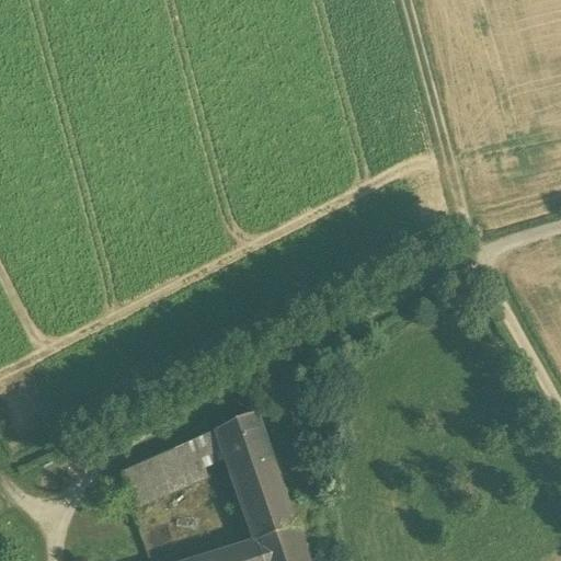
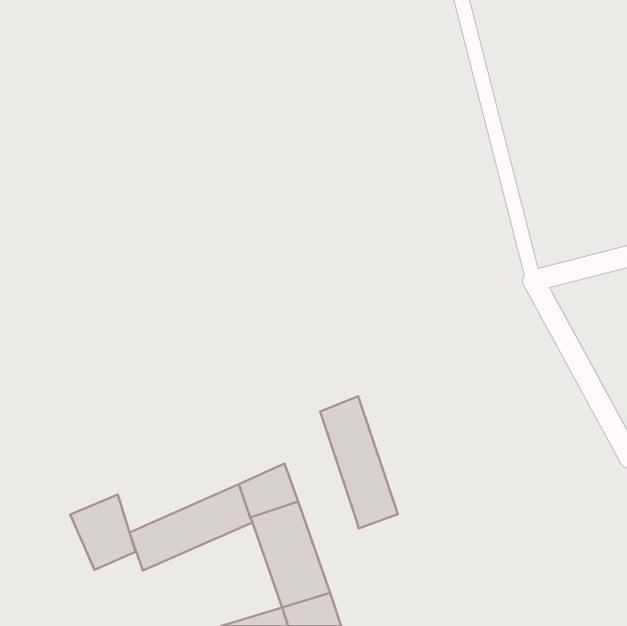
building: none -> [320,396,398,528]
building: none -> [70,495,135,570]

